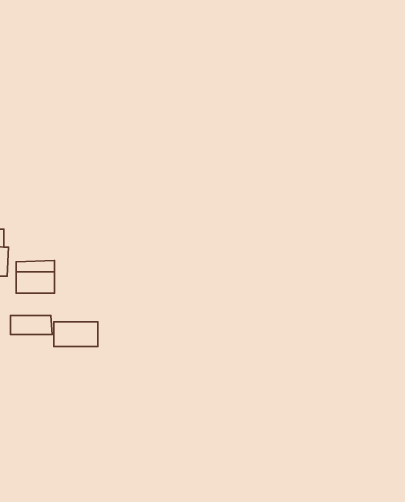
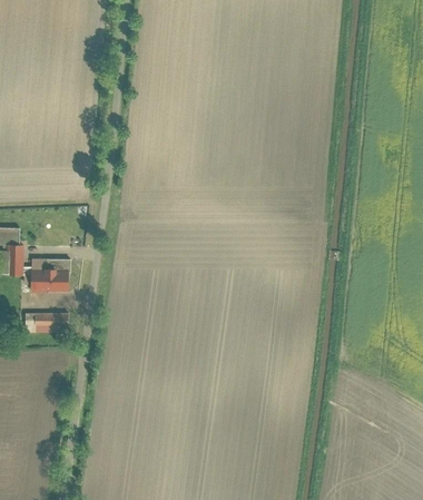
building: [54,322,98,347] -> none

